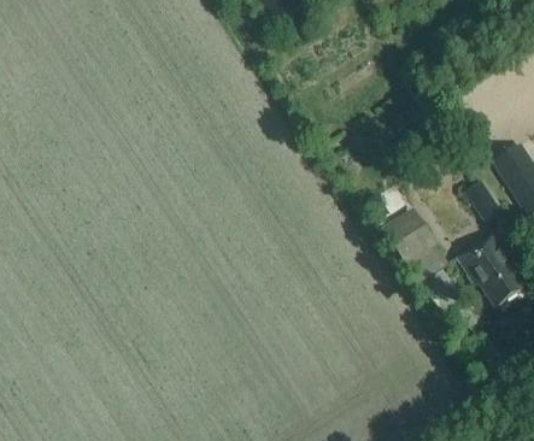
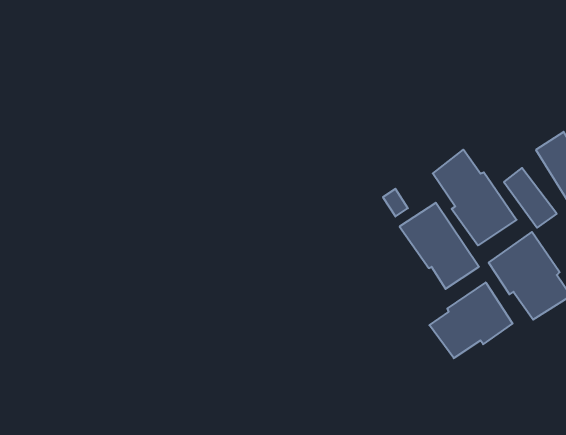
building: none -> [433,150,517,245]
building: none -> [429,282,513,358]

